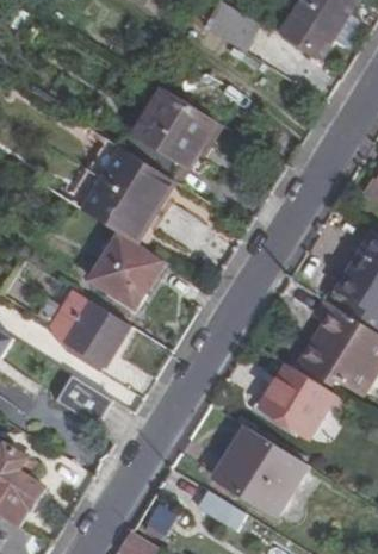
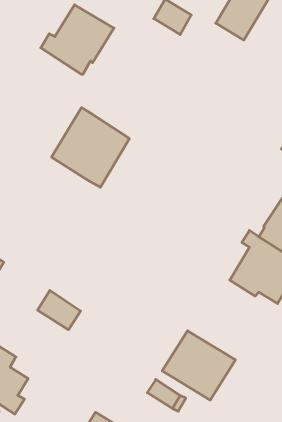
building: [120,93,213,181] -> [41,5,114,74]
building: [87,234,162,307] -> none
building: [52,304,125,366] -> none
building: [256,361,330,434] -> none

